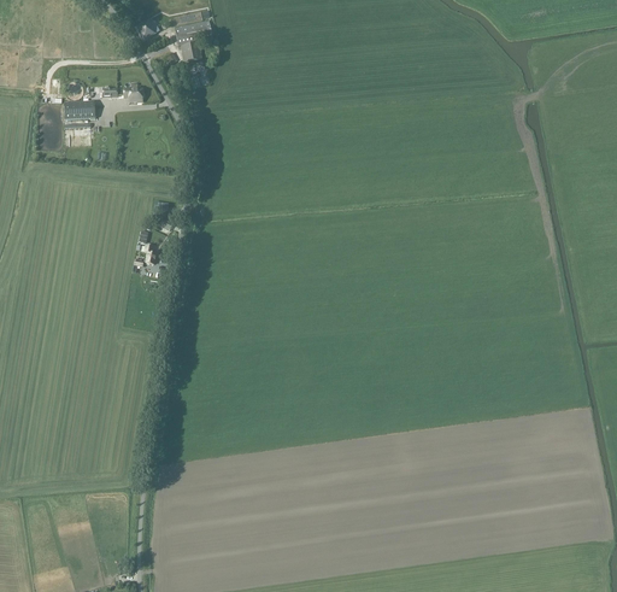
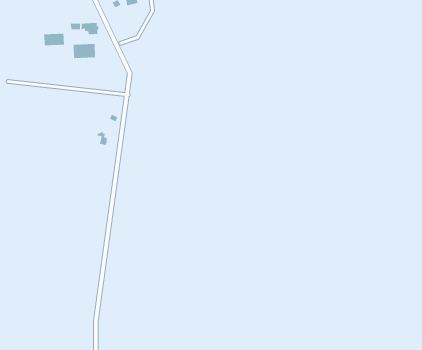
building: none -> [73,43,95,59]

